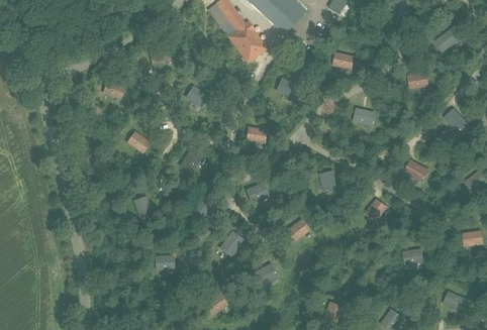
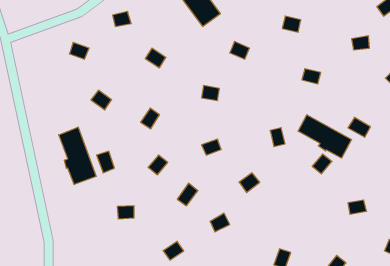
building: none -> [298,115,352,158]
building: none -> [59,127,96,185]

